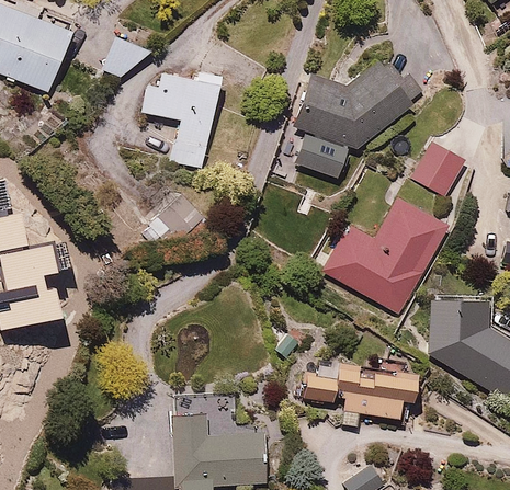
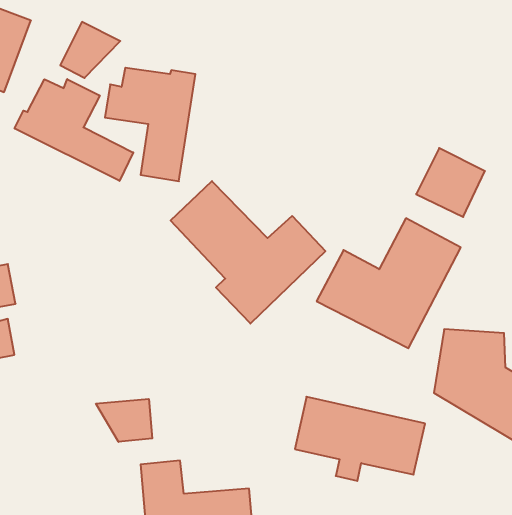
building: [296,60,416,179] -> none
building: none -> [15,79,133,181]
building: none -> [171,181,325,324]
building: none -> [96,399,152,442]

